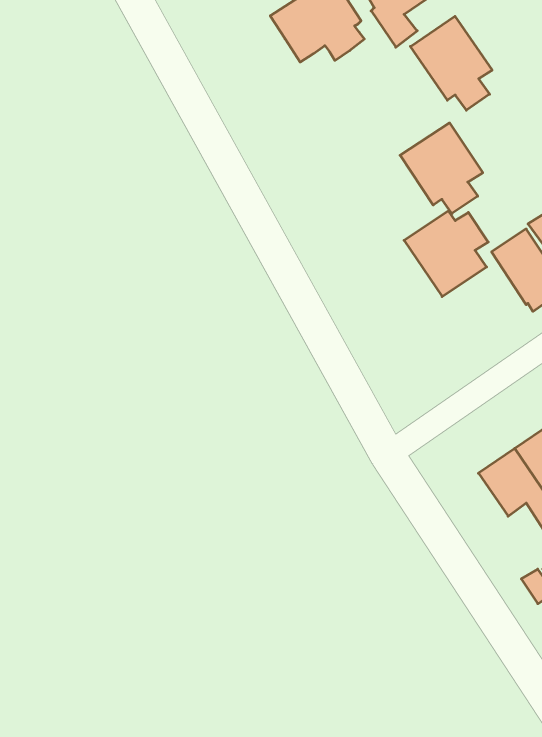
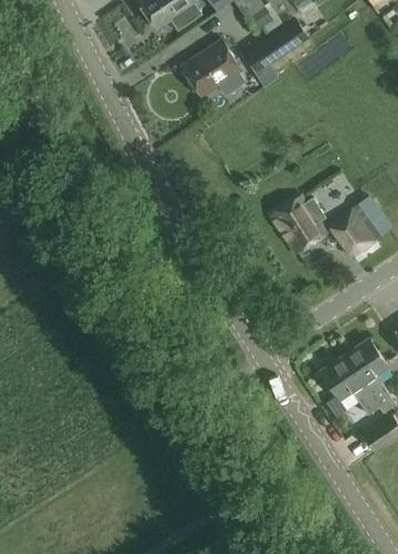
building: [410,16,492,110] -> none
building: [400,123,483,214] -> none

